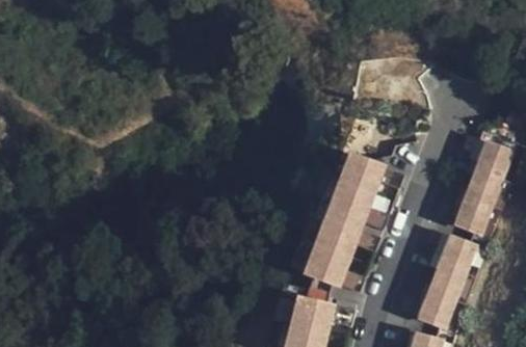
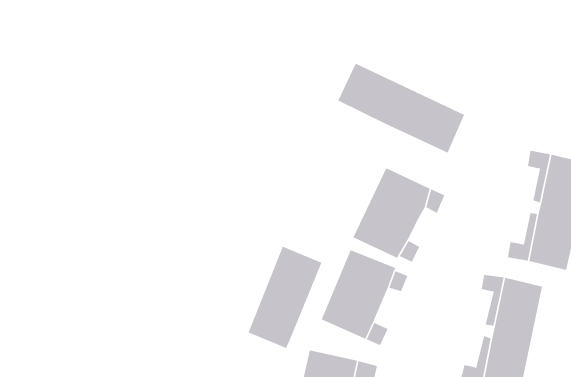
building: none -> [338,63,465,153]
building: none -> [248,246,322,349]

